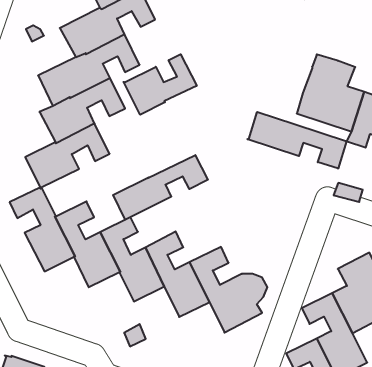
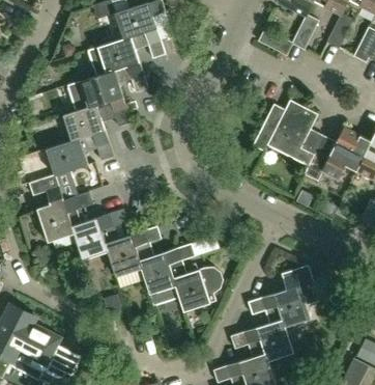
building: [123,54,197,115] -> none
building: [247,112,347,169] -> none
building: [113,155,208,220] -> none

